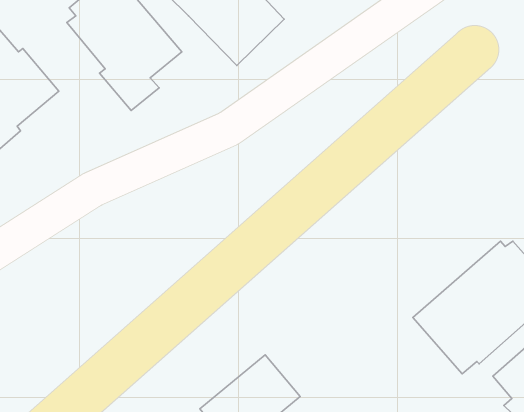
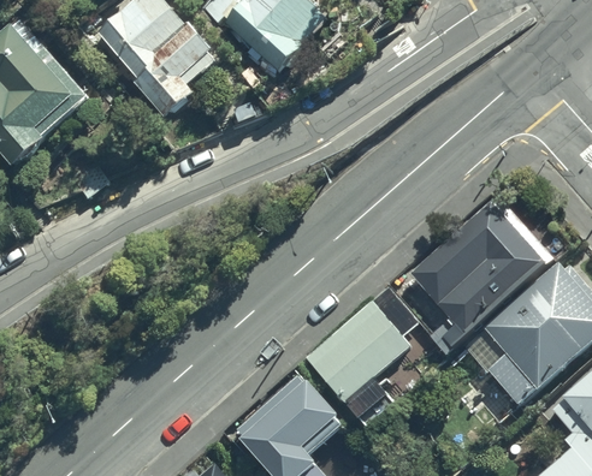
building: none -> [409,196,552,352]
building: none -> [306,285,416,416]

